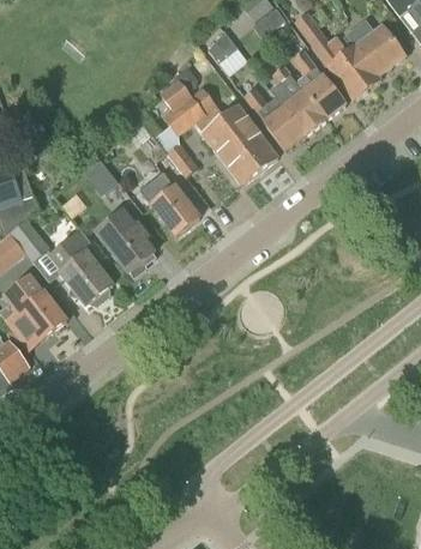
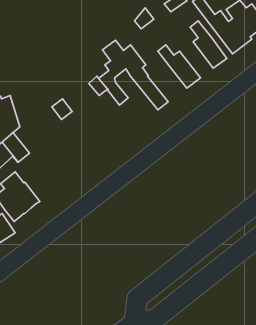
building: [269,64,325,135] -> none
building: [219,105,278,171] -> none
building: [149,171,200,234] -> none
building: [95,207,154,276] -> none
building: [48,229,112,304] -> none

